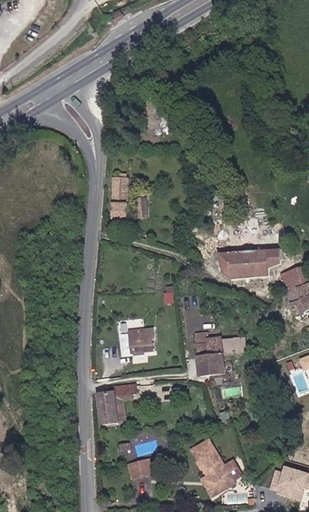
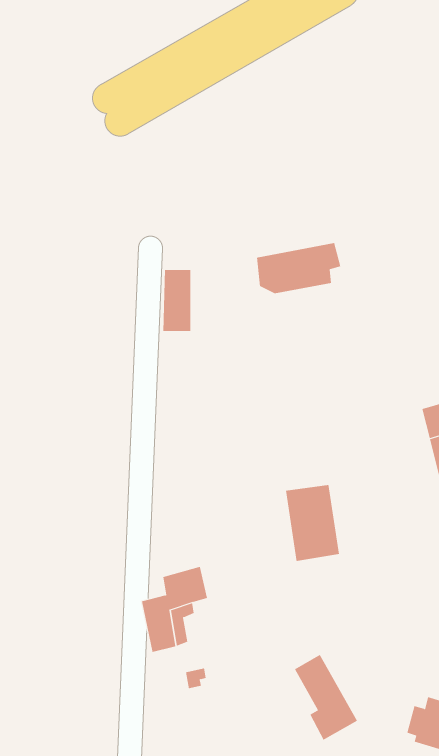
building: [217,249,273,283] -> [256,242,341,294]
building: [118,325,150,350] -> none
building: [133,459,158,481] -> none

